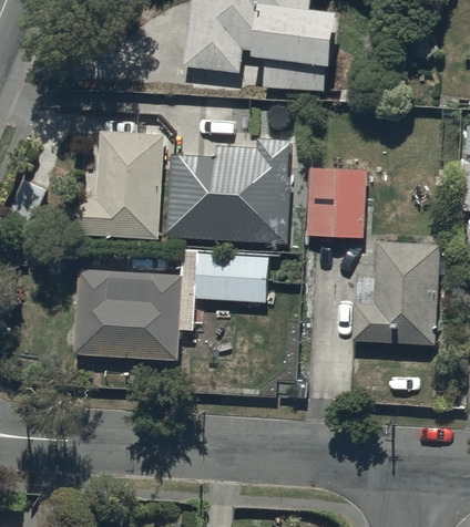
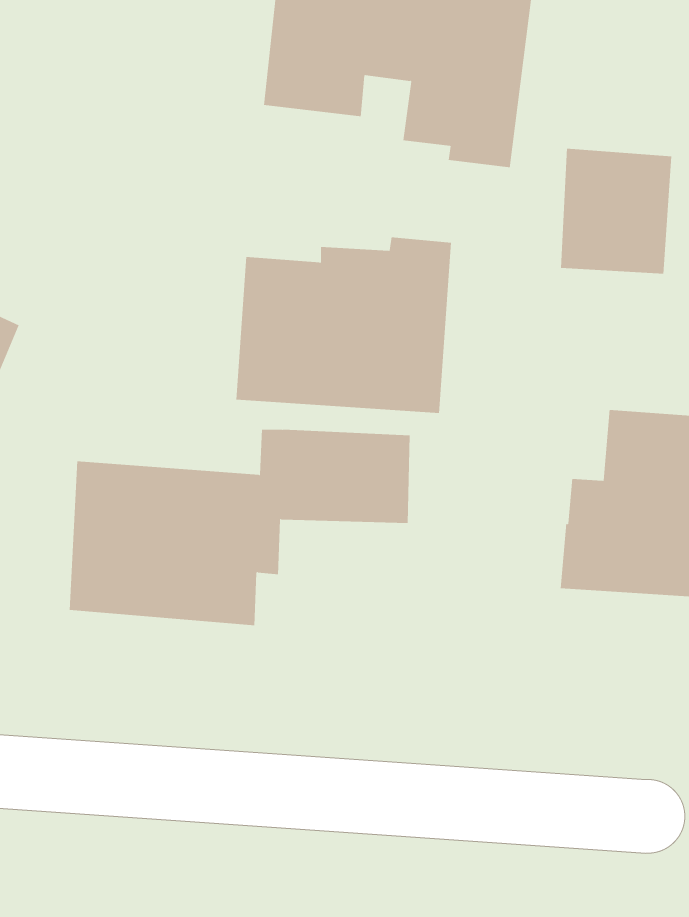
building: [65,132,162,244] -> none
building: [305,168,368,239] -> [560,148,672,274]

